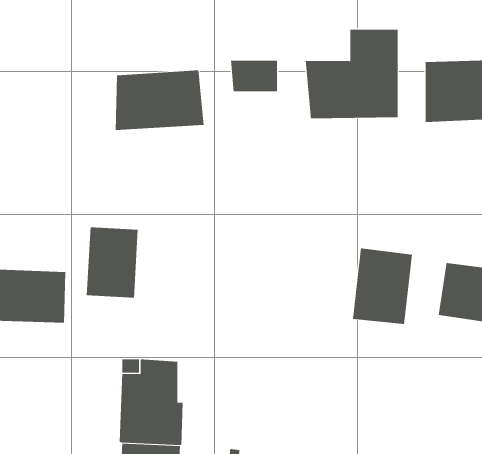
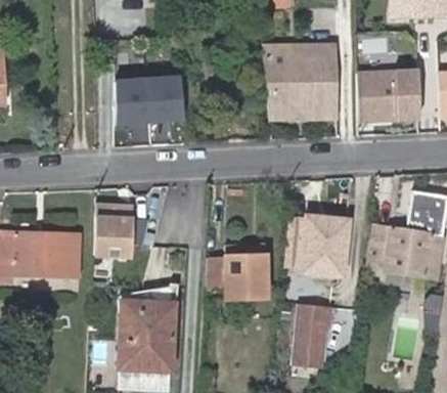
building: [230,60,278,92] -> [263,47,300,72]
building: none -> [206,246,266,298]
building: none -> [297,300,339,365]

